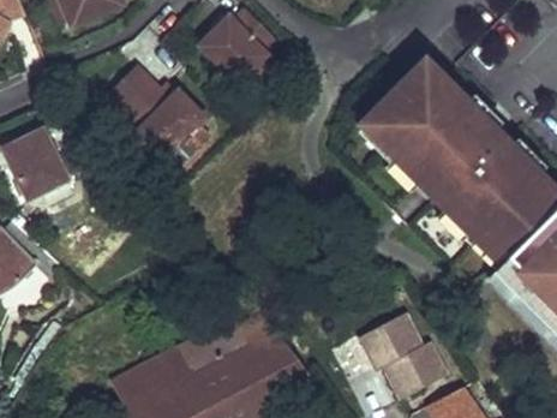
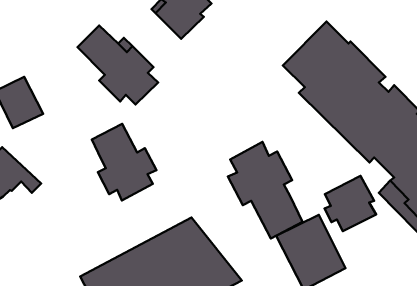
building: none -> [92,124,156,201]
building: none -> [228,142,303,239]
building: none -> [325,176,376,231]

